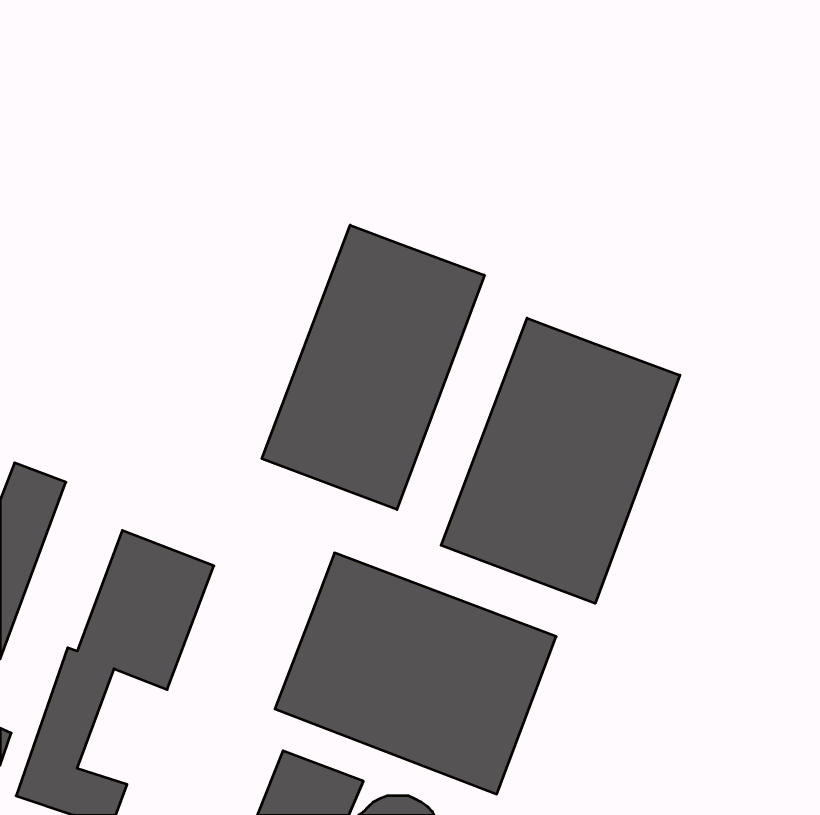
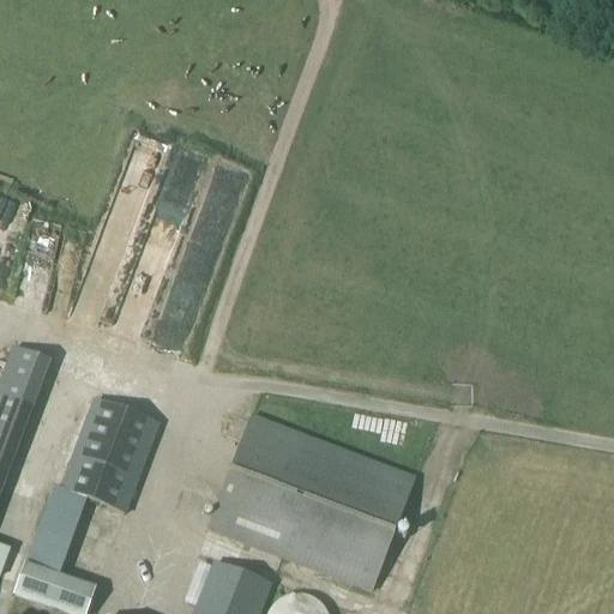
building: [262,225,484,510] -> none
building: [441,318,680,603] -> none

